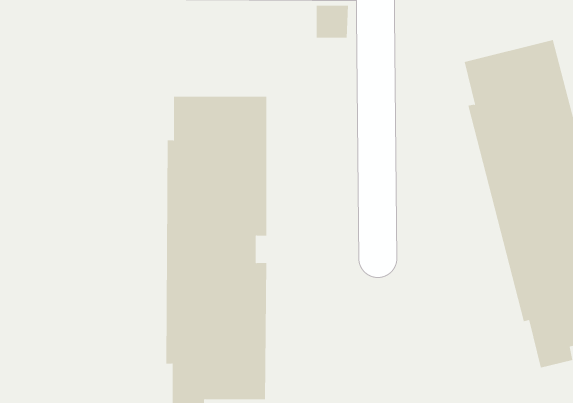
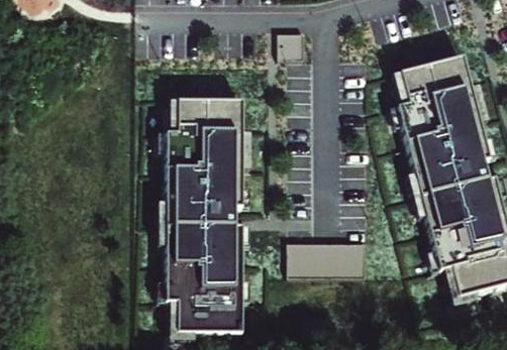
building: none -> [289,241,367,274]

